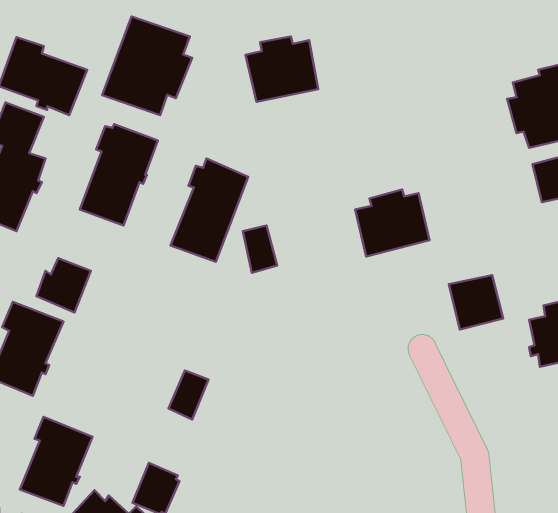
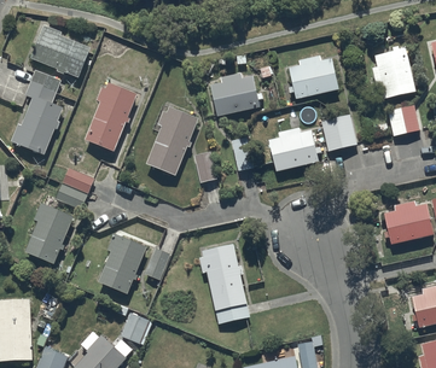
building: [102,16,192,115] -> none
building: [246,37,318,102] -> [211,72,260,116]
building: none -> [289,52,339,99]
building: [449,275,503,329] -> [322,115,359,151]
building: none -> [199,243,250,323]
building: [20,417,92,506] -> [99,232,147,291]

